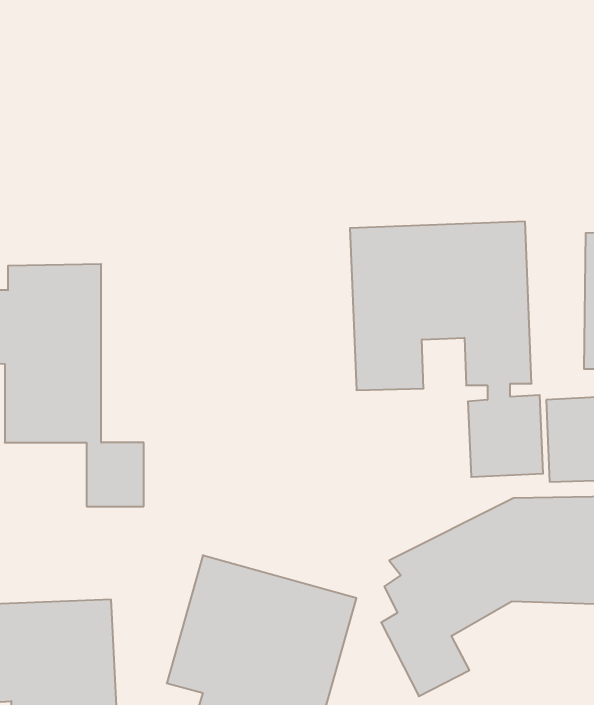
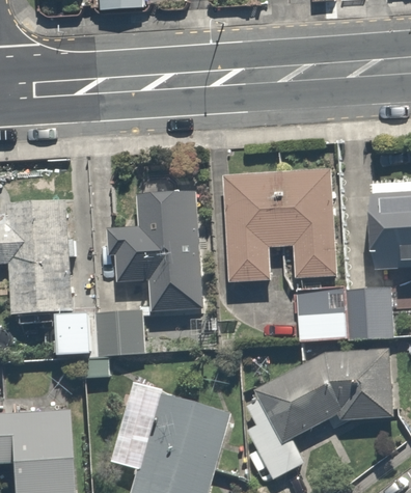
building: none -> [112,194,204,314]
building: none -> [101,312,139,357]

